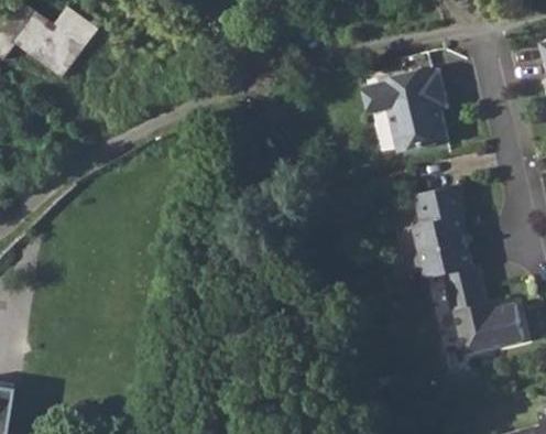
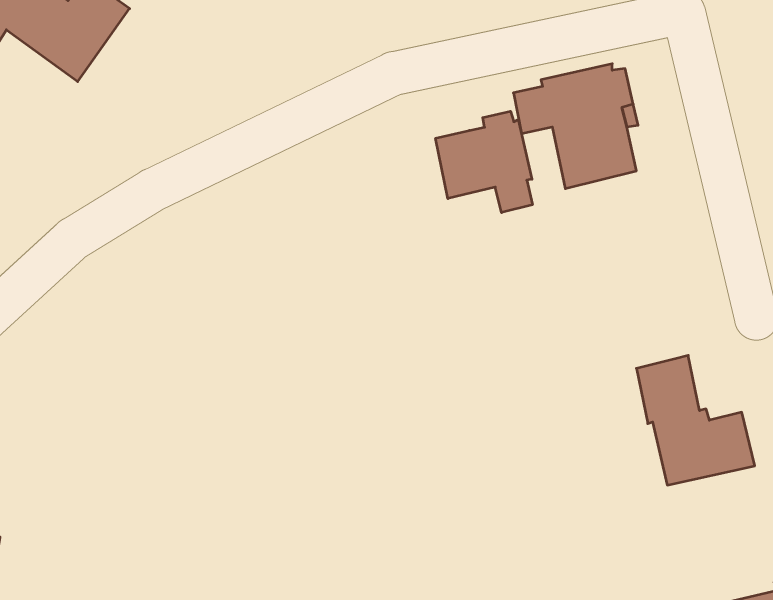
building: none -> [436,111,532,213]
building: [413,185,470,278] -> none

